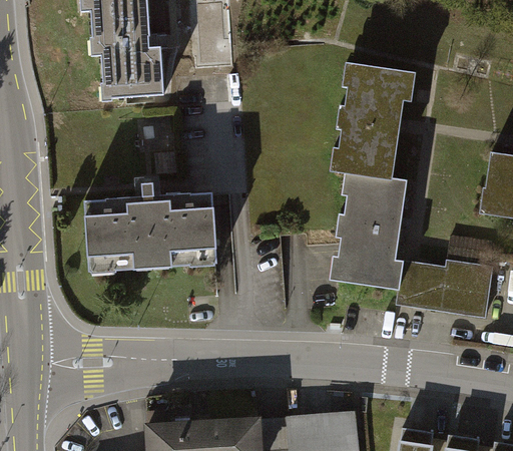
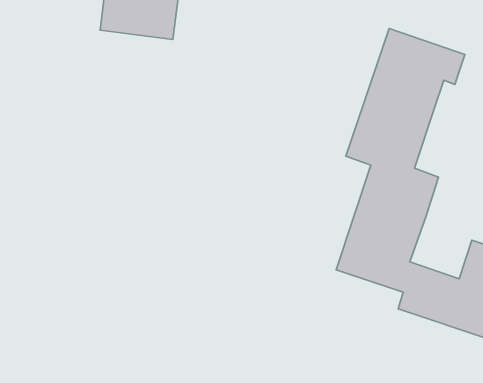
building: [84,194,217,275] -> none

